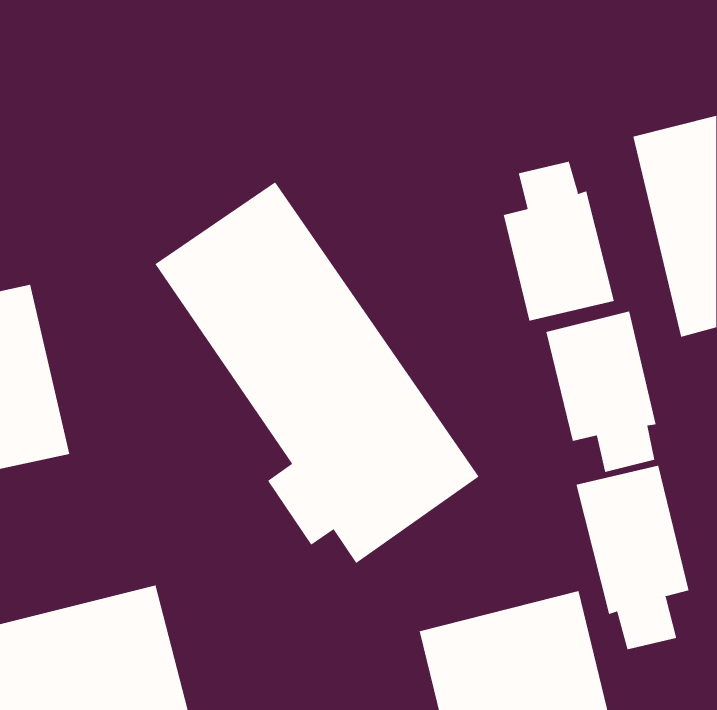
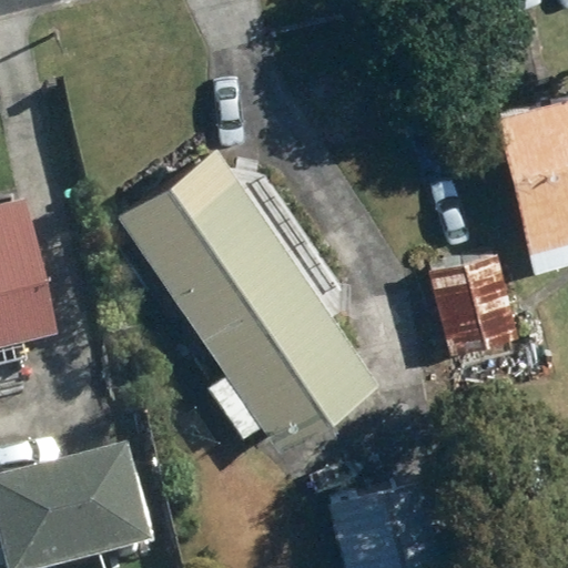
building: [503,161,615,322] -> none
building: [576,465,689,650] -> none

